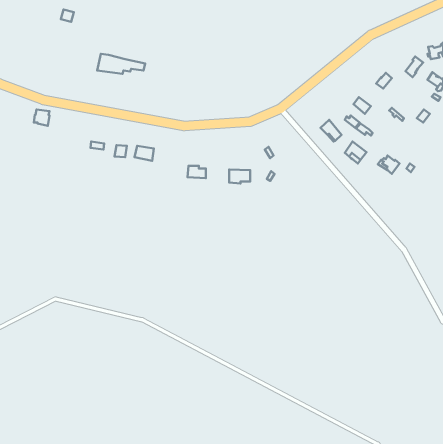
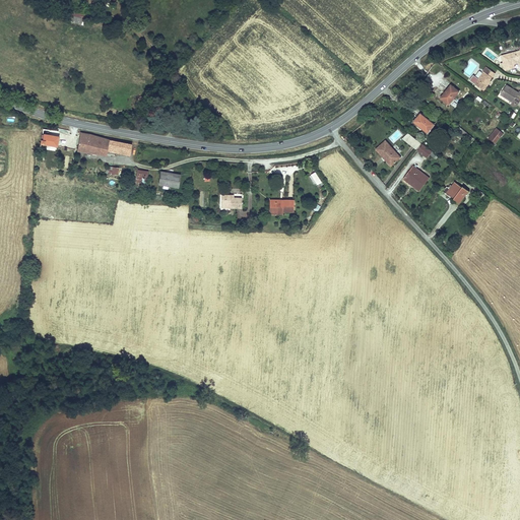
building: [97,54,145,74] -> [76,132,132,155]

